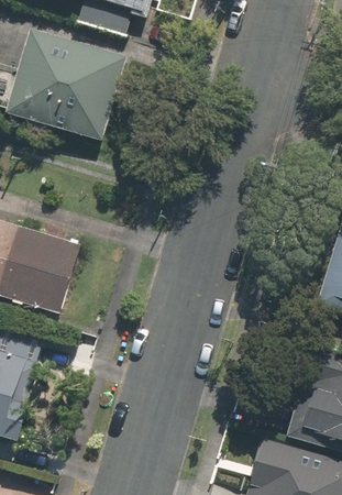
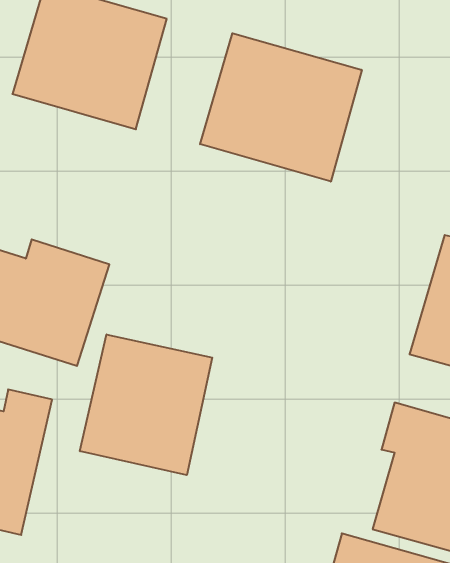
building: none -> [200,33,362,182]
building: none -> [80,334,212,475]

